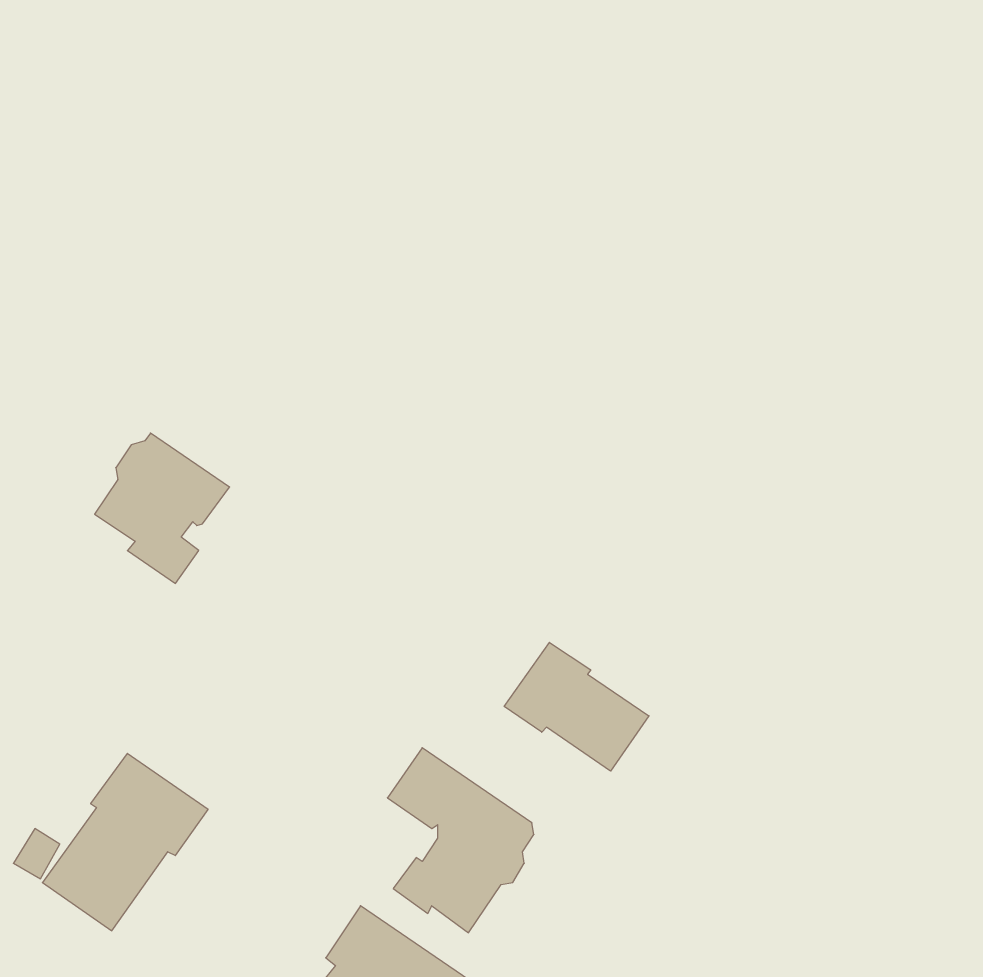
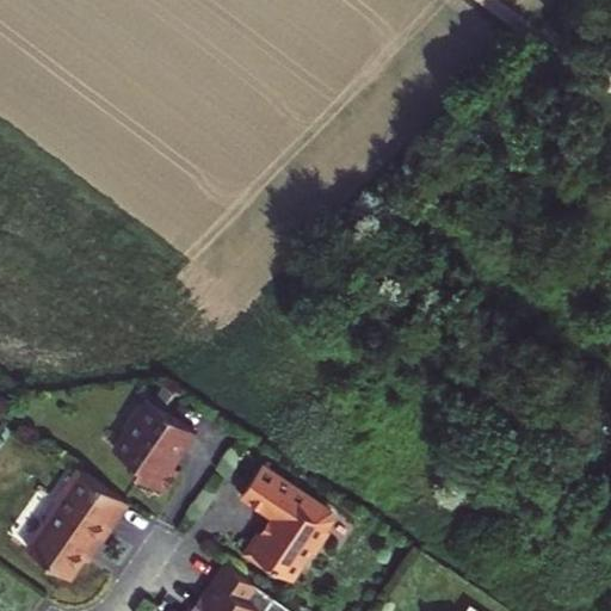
building: [95,433,230,583] -> [113,403,197,496]
building: [504,642,649,771] -> none

